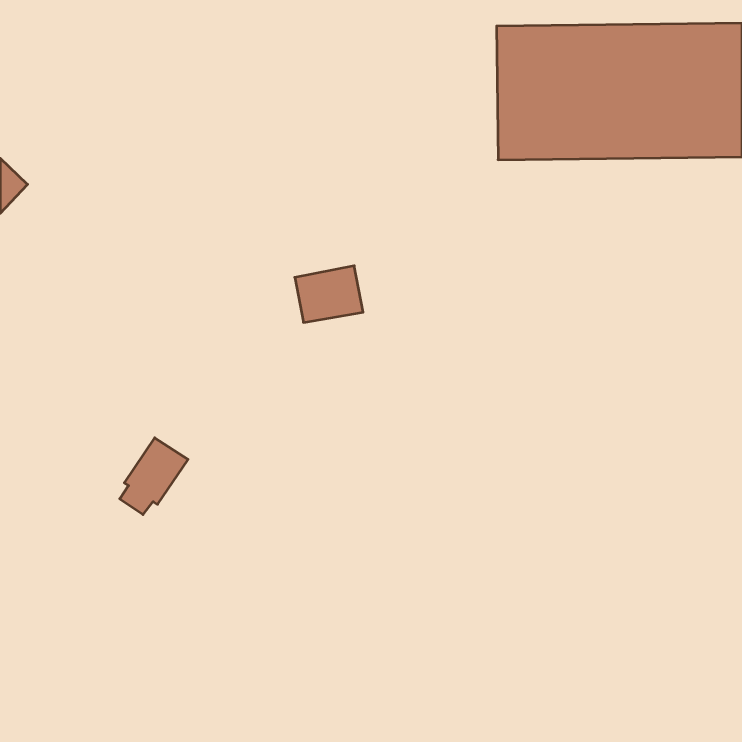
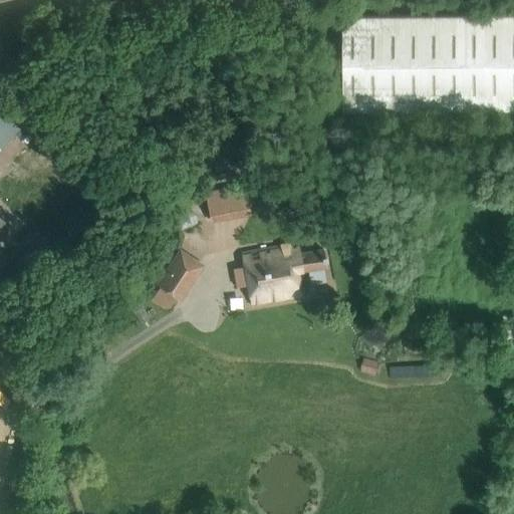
building: none -> [243,244,327,304]
building: [120,438,188,515] -> [155,253,202,306]

